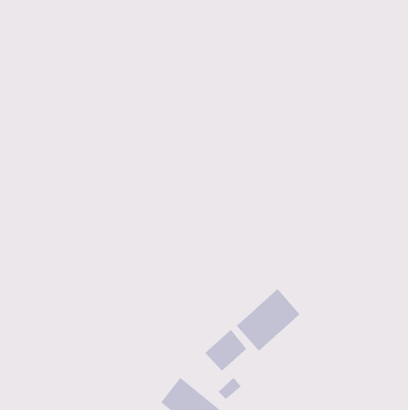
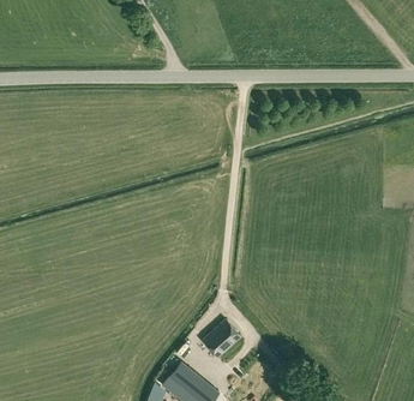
building: [236,288,301,352] -> none

